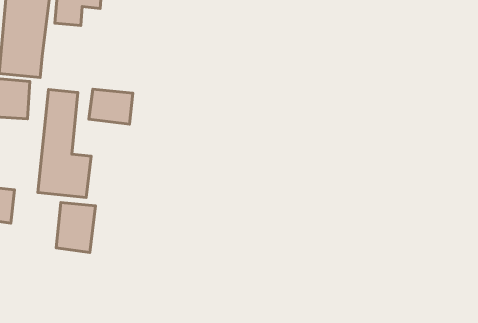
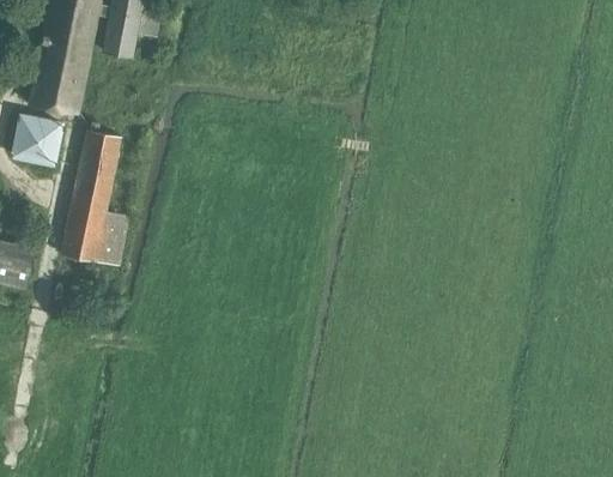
building: [89,89,133,124] -> none
building: [56,202,95,252] -> none

